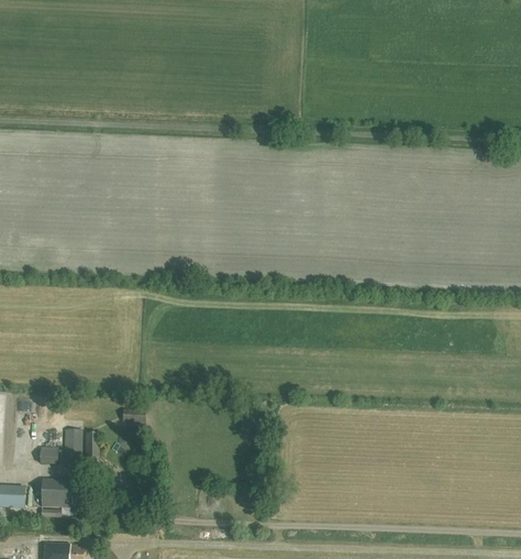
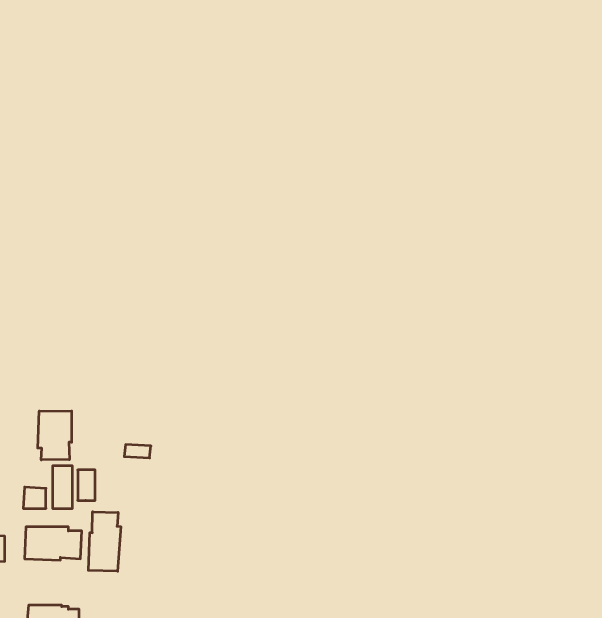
building: none -> [38,411,72,460]
building: none -> [88,512,121,571]

